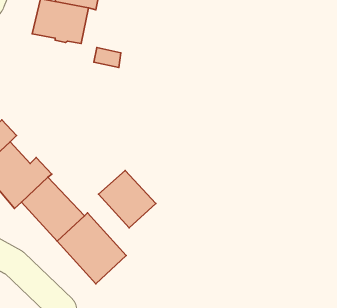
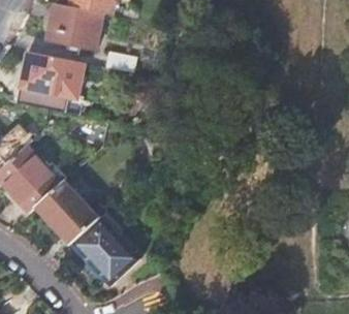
building: none -> [19,53,82,116]
building: [99,171,156,228] -> none

